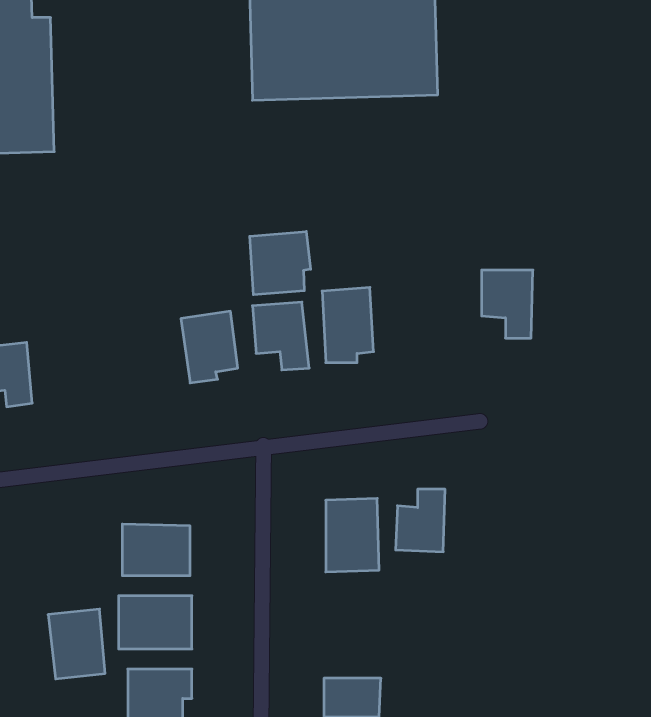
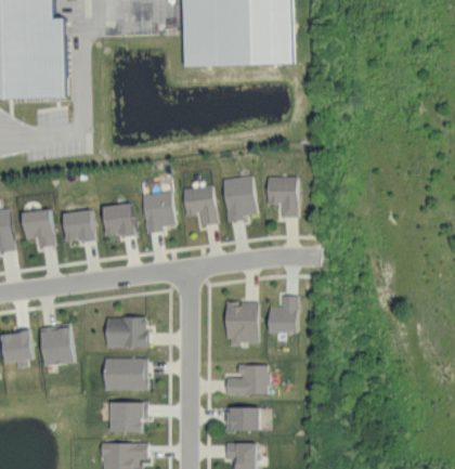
building: [250,231,311,295] -> none
building: [482,270,533,338] -> [266,177,297,217]
building: none -> [103,204,132,236]
building: none -> [62,209,94,244]
building: none -> [225,364,268,394]
building: [48,609,105,679] -> [39,324,73,365]

